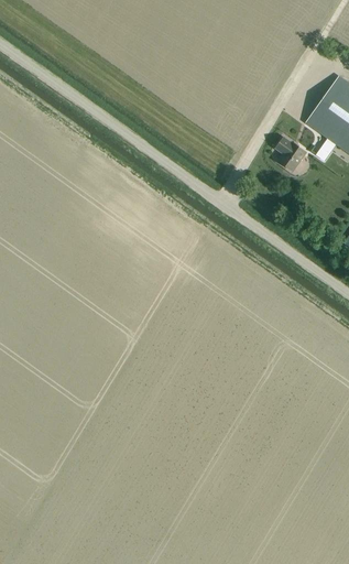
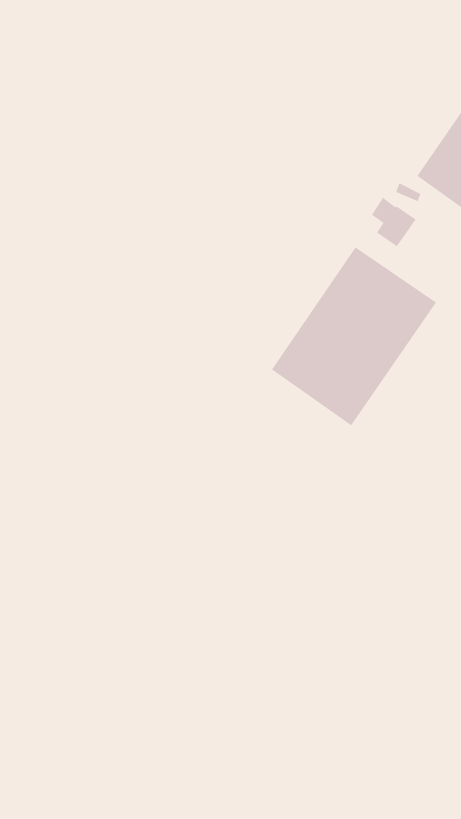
building: none -> [271,246,437,426]

